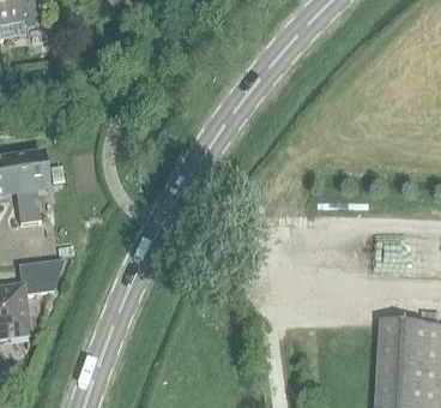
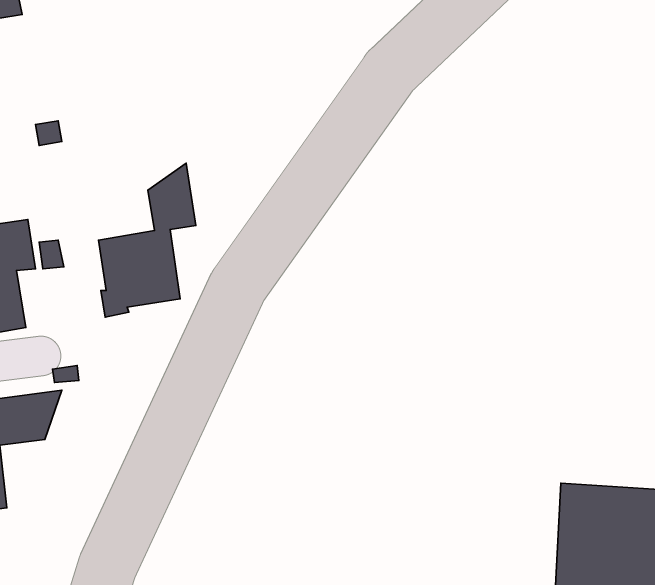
building: none -> [98,163,196,317]

